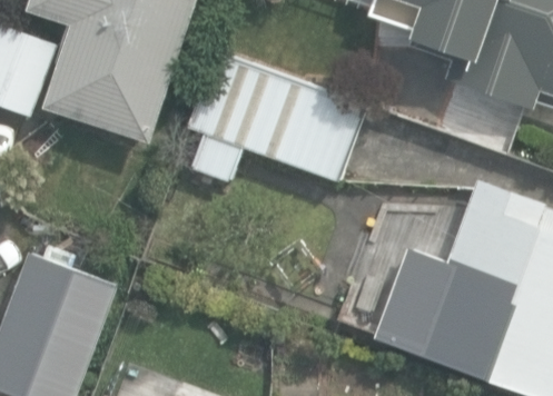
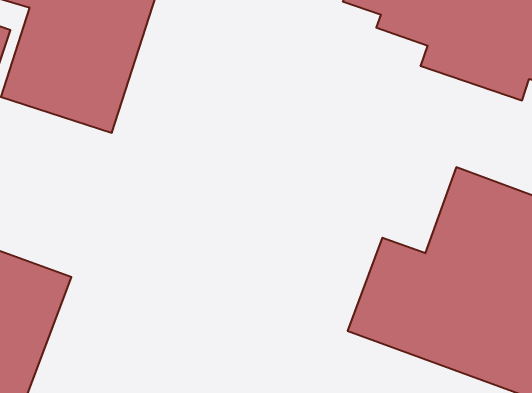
building: [194,56,369,185] -> none

